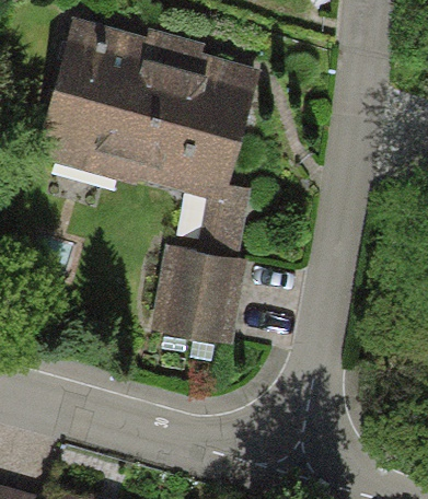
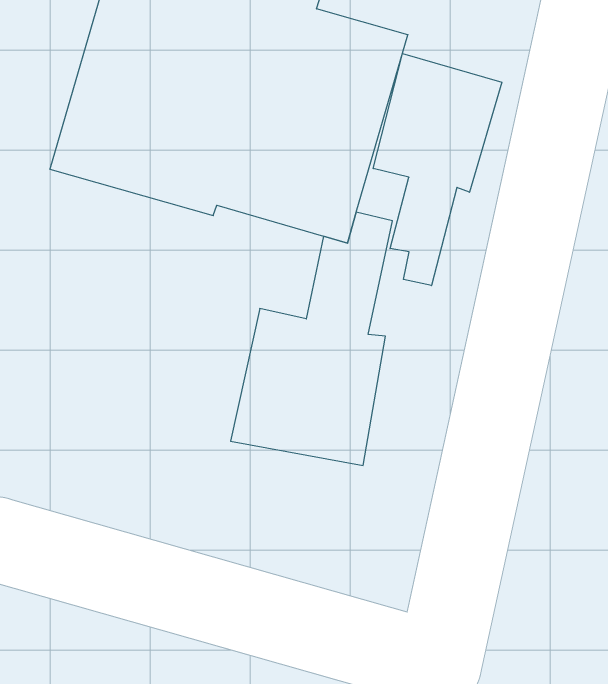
building: none -> [373,54,502,286]

